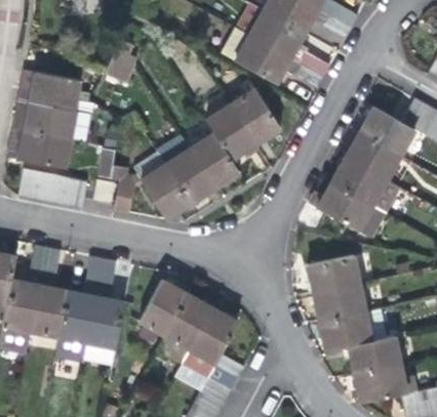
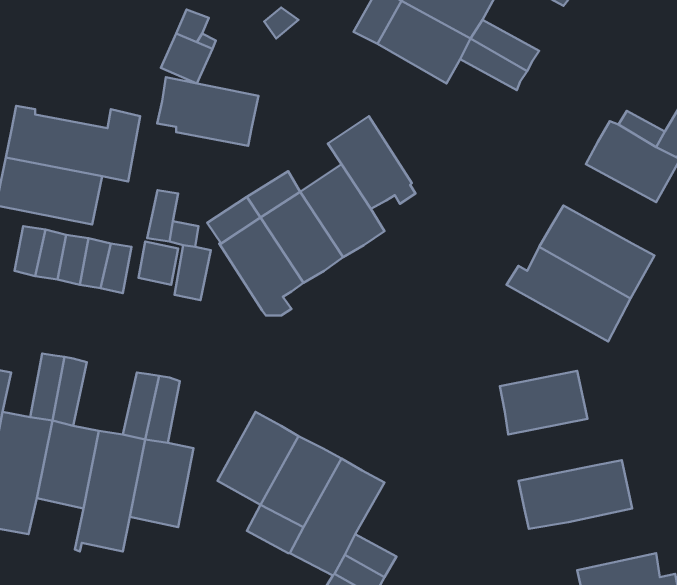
building: [19,70,80,111] -> [157,77,259,146]
building: [230,88,280,143] -> none
building: [346,132,401,179] -> none
building: [313,284,365,321] -> none
building: [349,335,401,374] -> none

